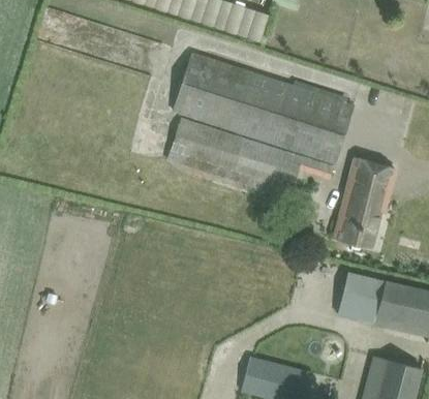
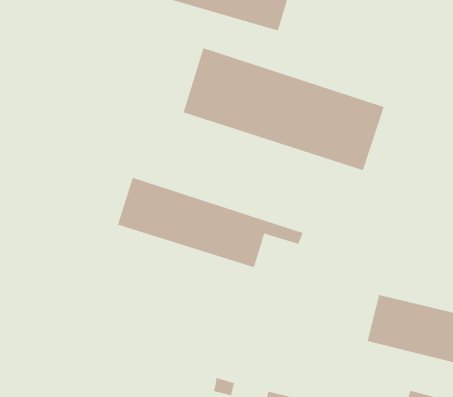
building: [167,118,333,198] -> [117,177,303,268]
building: [334,158,396,246] -> none

